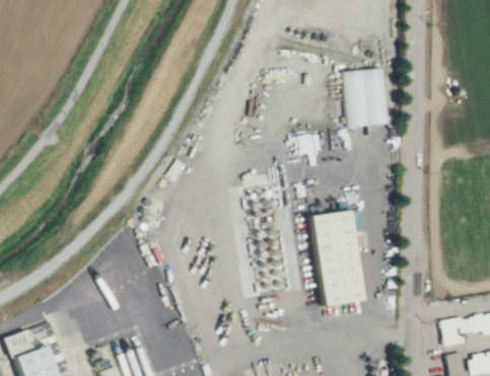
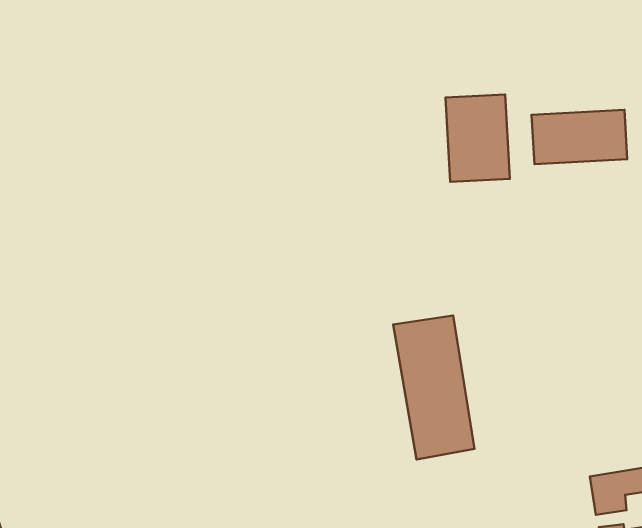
building: none -> [532,110,627,164]

